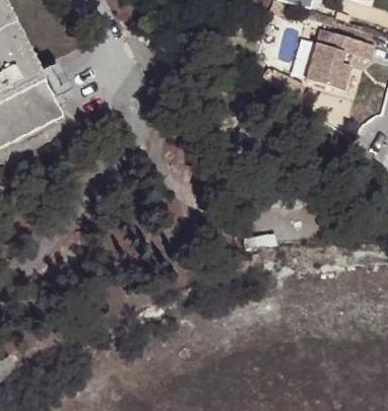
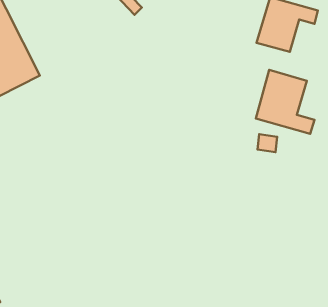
building: none -> [256,70,314,134]

